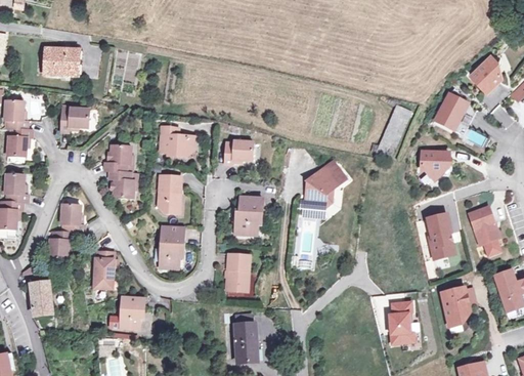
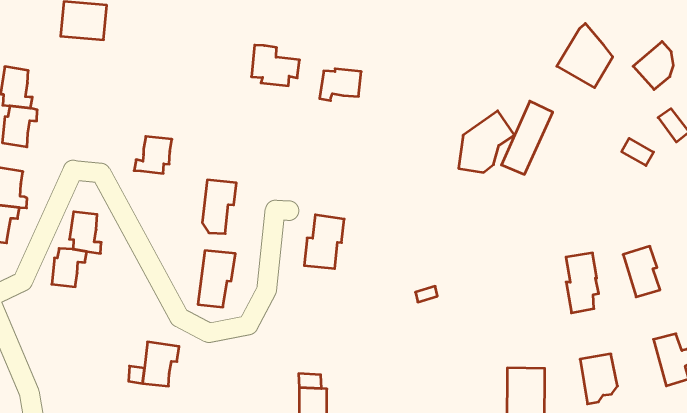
building: [434,87,475,134] -> [557,23,613,88]
building: [60,108,89,131] -> none
building: [160,127,194,156] -> [251,45,300,86]
building: [223,140,253,164] -> [320,69,361,101]
building: [421,150,448,176] -> none
building: [305,161,345,207] -> [459,111,515,172]
building: [110,170,134,199] -> none
building: [93,249,117,288] -> none
building: [226,253,252,291] -> none
building: [31,283,54,321] -> none

